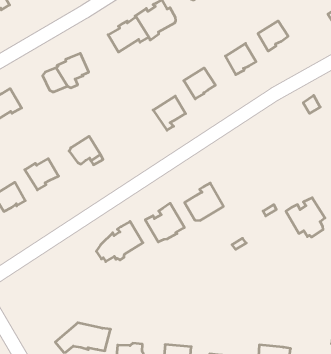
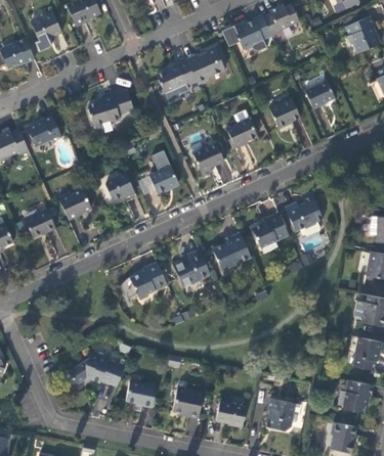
building: none -> [150,150,178,193]
building: none -> [252,213,289,248]
building: [286,198,325,237] -> [285,196,323,235]

